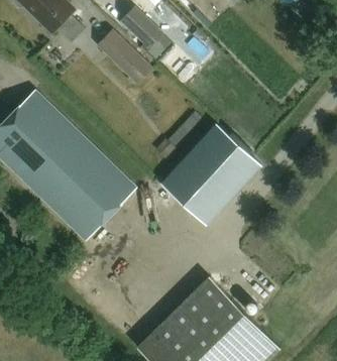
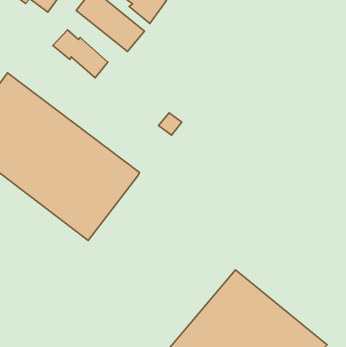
building: none -> [53,30,108,78]
building: [161,125,261,226] -> none

